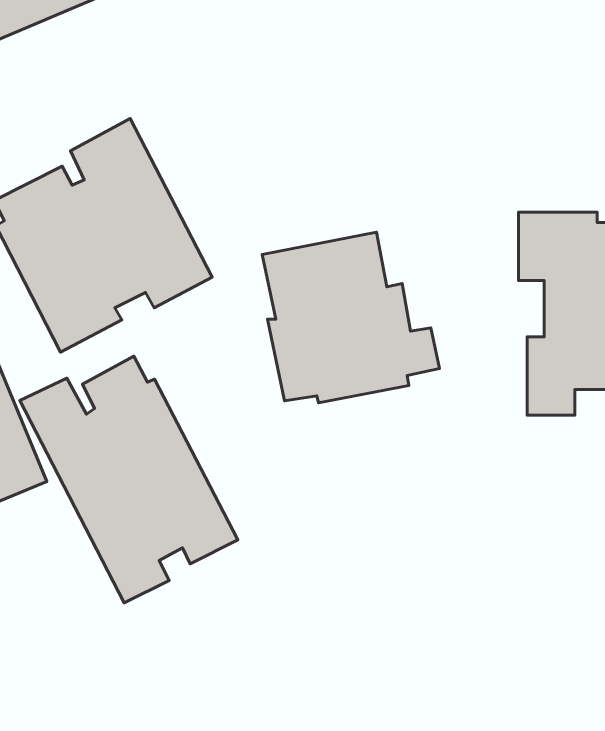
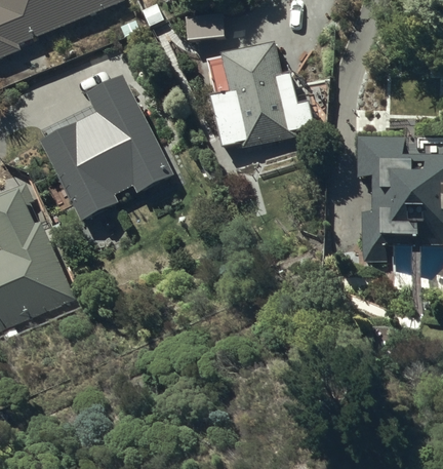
building: [262,232,439,403] -> [207,44,314,147]
building: [20,356,238,603] -> none

